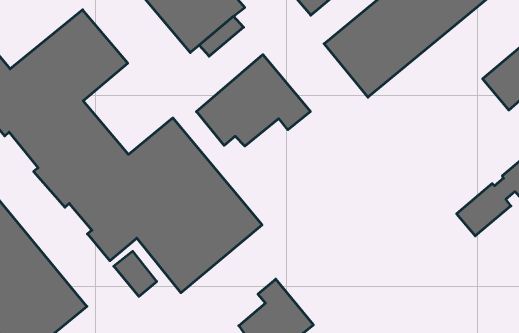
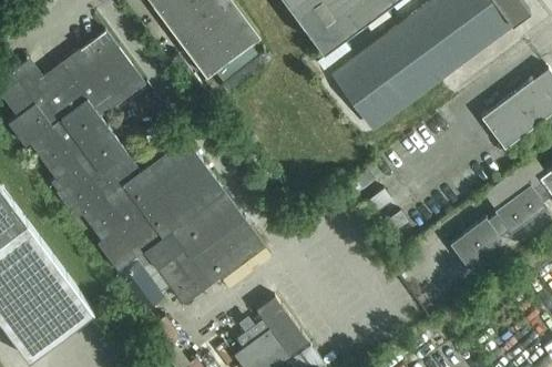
building: [196,55,310,146] -> none

